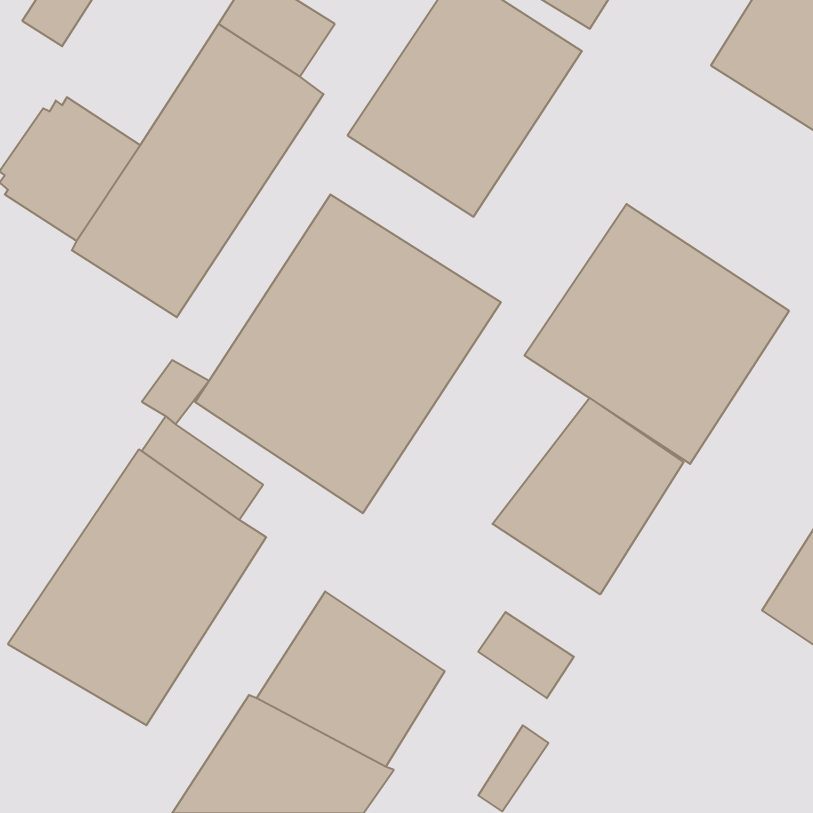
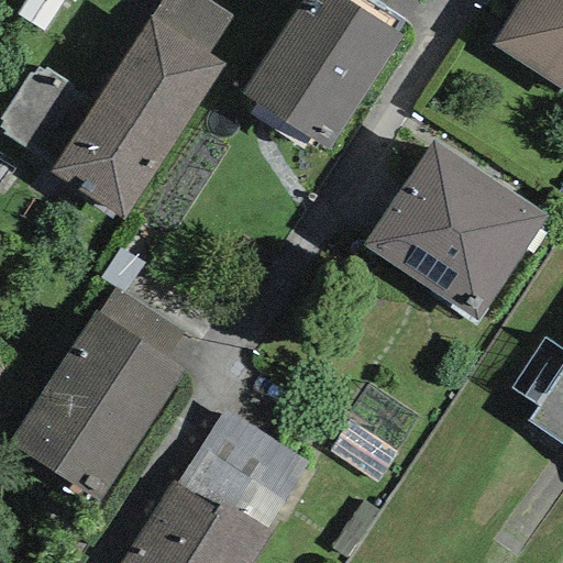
building: [195,194,501,513] -> none
building: [492,398,684,594] -> none

